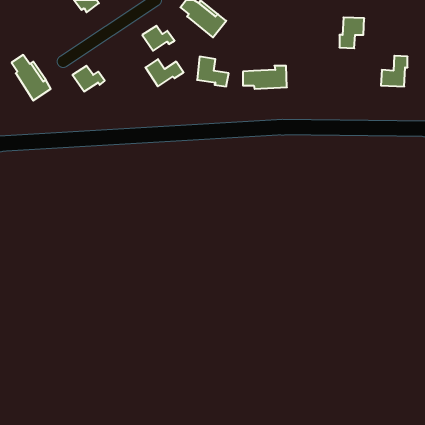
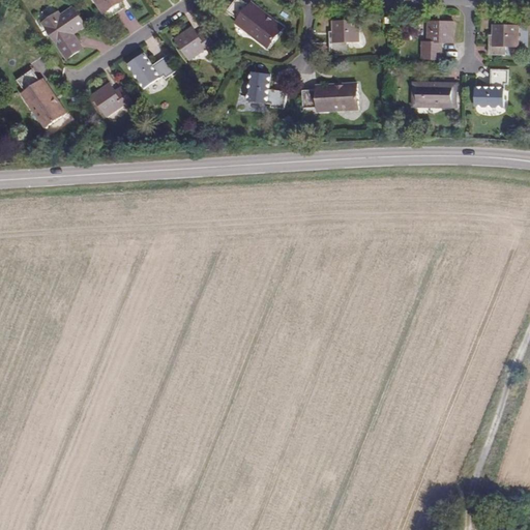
building: none -> [41,6,84,57]
building: none -> [327,20,356,51]
building: none -> [489,25,518,55]
building: [145,59,184,86] -> [126,53,174,87]
building: none -> [413,83,454,105]

